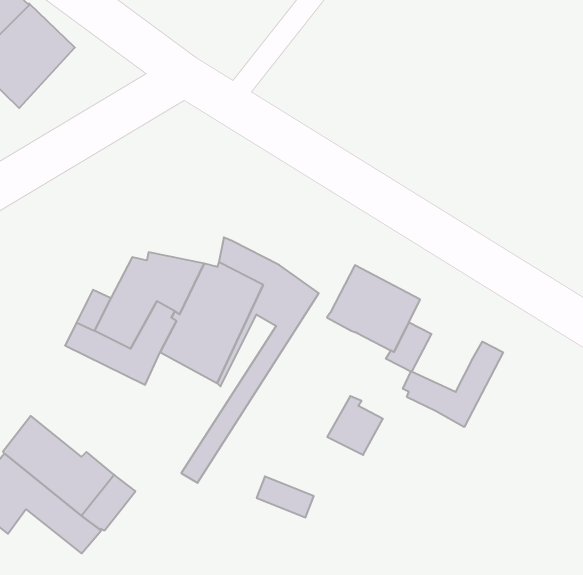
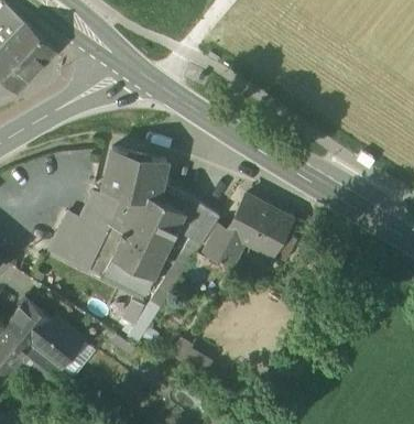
building: none -> [105,150,165,199]
building: [403,342,503,427] -> none
building: none -> [102,257,153,298]
building: [327,396,383,455] -> [204,227,241,267]

